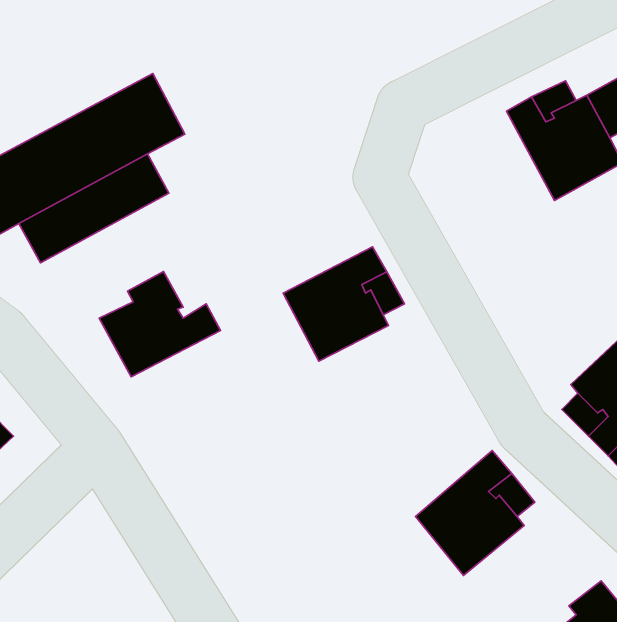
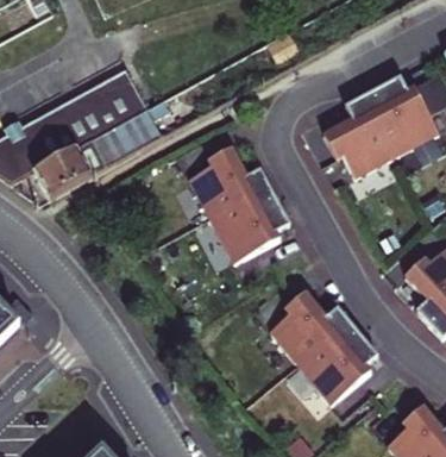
building: none -> [322,96,392,176]
building: [99,272,221,377] -> [190,148,271,218]
building: none -> [271,293,351,367]

